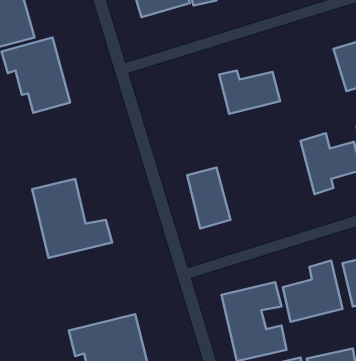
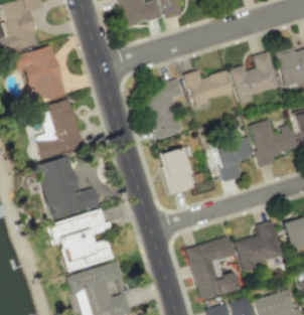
building: none -> [231,51,280,105]
building: none -> [143,78,184,140]
building: none -> [36,99,84,159]
building: none -> [214,138,254,180]
building: none -> [45,210,114,271]

